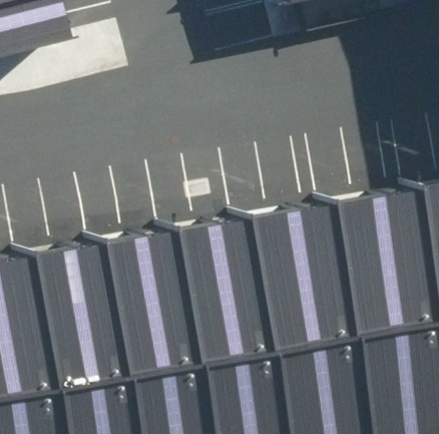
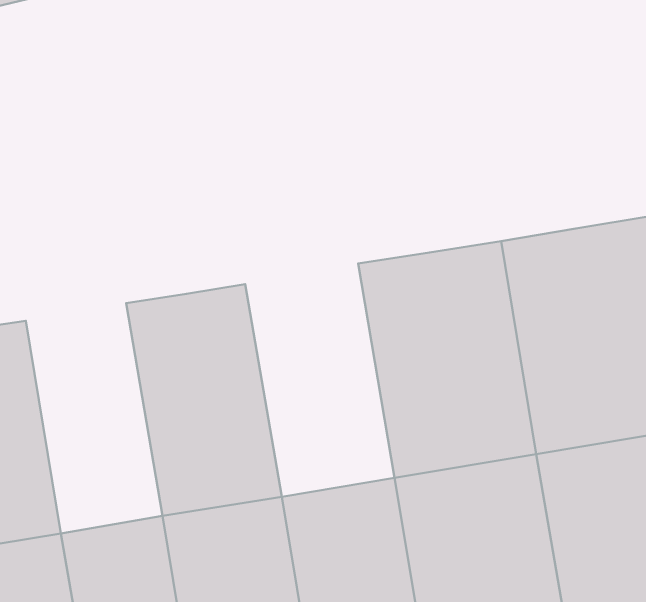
building: [161,212,256,360] -> none
building: [23,238,109,383] -> none

